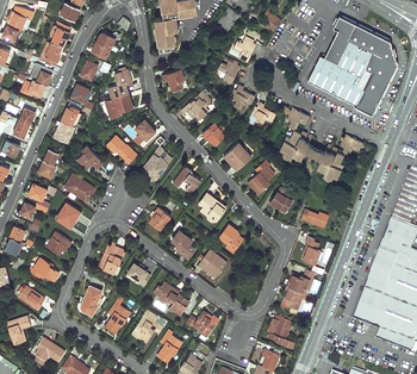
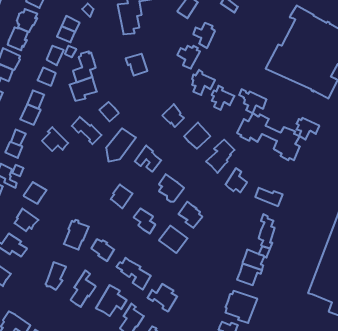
building: [180,88,211,120] -> none
building: [66,172,98,201] -> none

